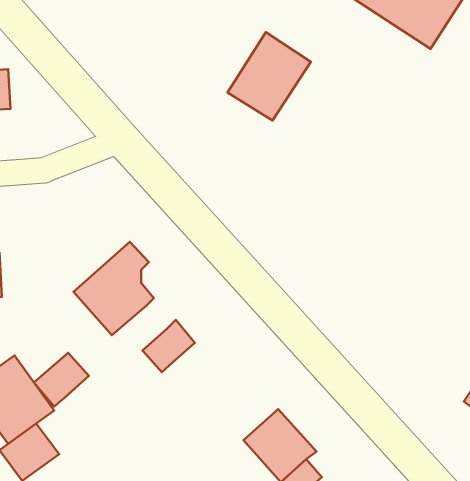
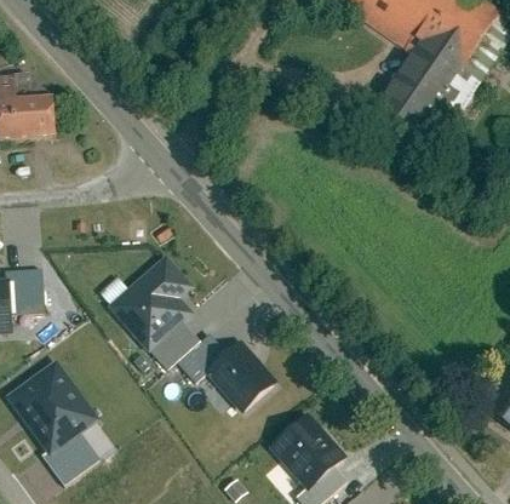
building: [228,32,311,121] -> [372,48,451,132]
building: none -> [210,345,274,410]
building: [34,353,89,407] -> [149,320,201,371]

